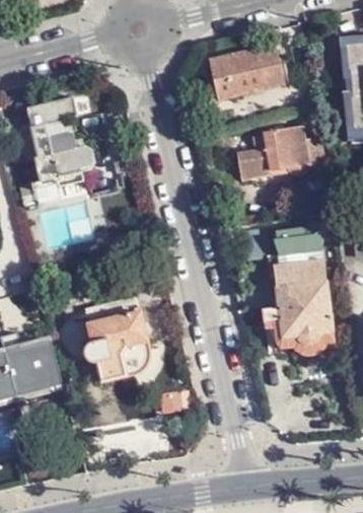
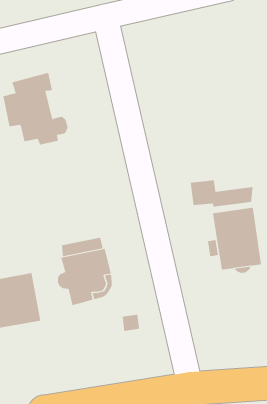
building: [210,45,286,96] -> none
building: [238,127,324,182] -> none

